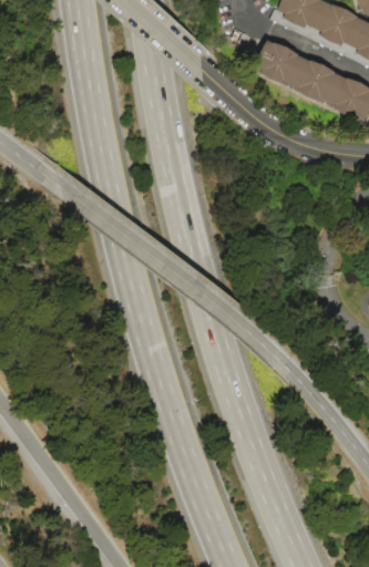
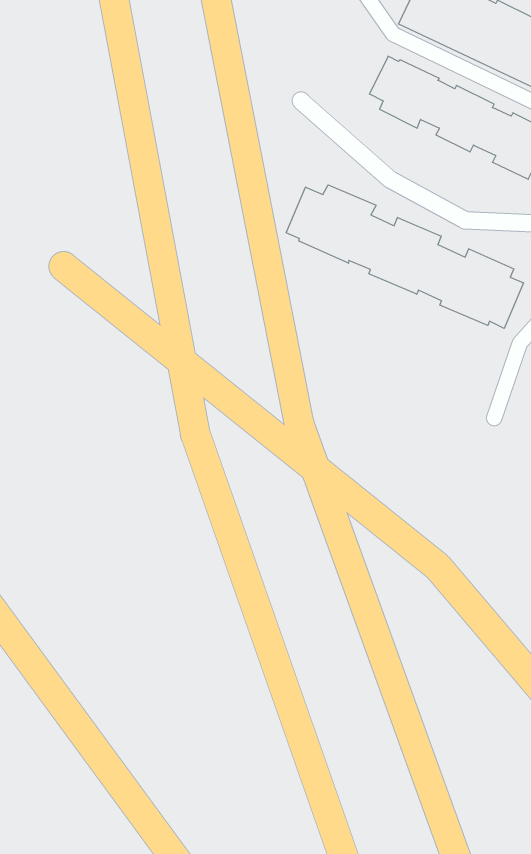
building: none -> [286,185,523,328]

